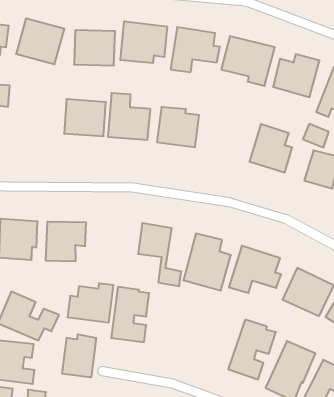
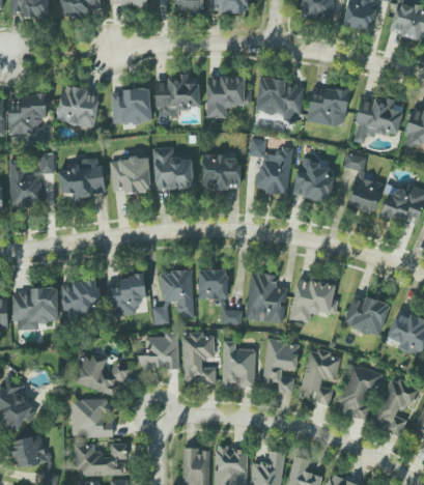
building: none -> [249,138,292,193]
building: none -> [58,159,106,198]
building: none -> [153,270,193,323]
building: none -> [223,340,255,386]
building: none -> [261,339,299,392]
building: [62,334,96,377] -> none

